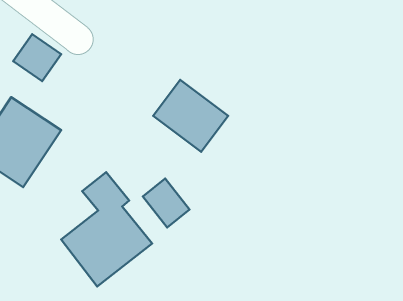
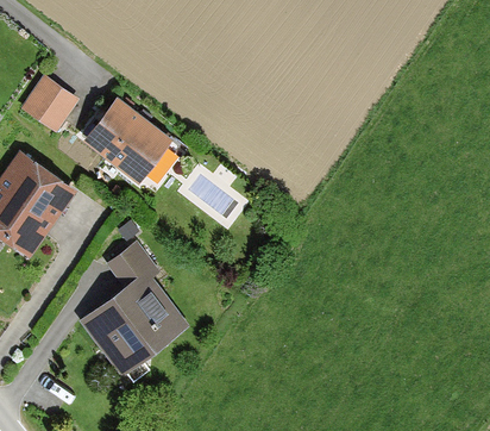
building: [153,80,228,152] -> [82,95,171,181]
building: [143,179,189,227] -> none

